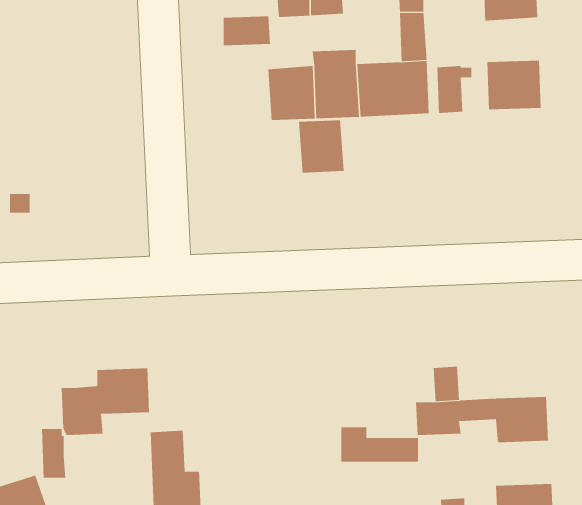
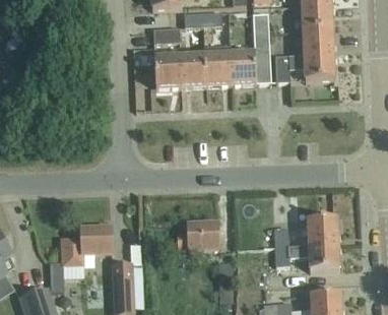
building: none -> [302,27,333,53]
building: [298,120,345,173] -> [153,57,180,87]
building: none -> [307,218,337,245]
building: none -> [176,223,218,250]

